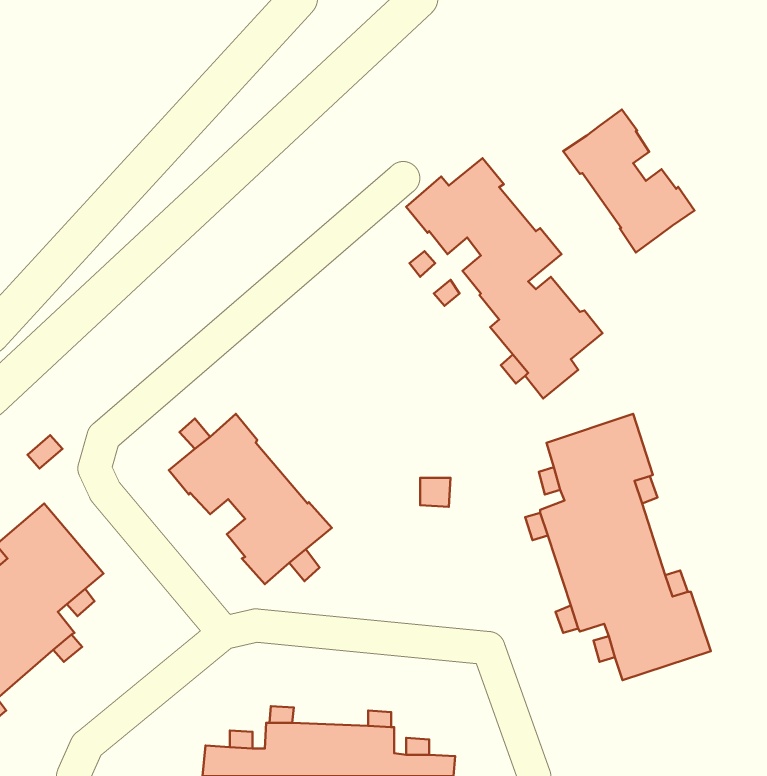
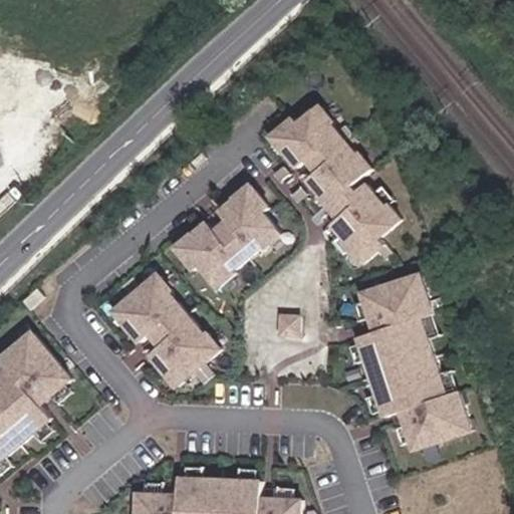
building: [563,109,694,252] -> none
building: none -> [173,184,279,286]

